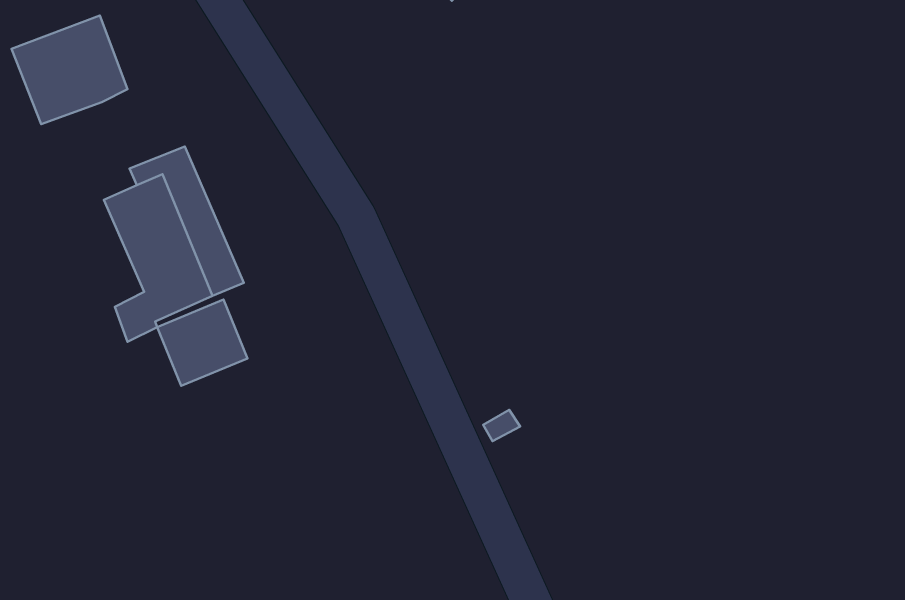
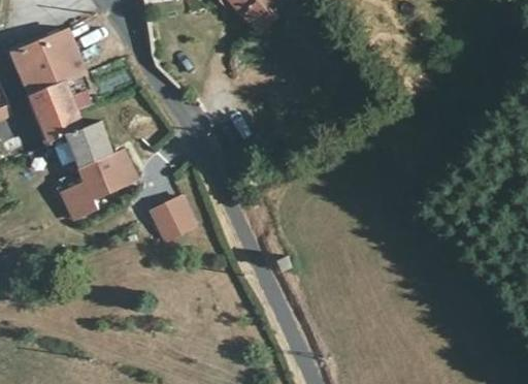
building: none -> [31,89,85,151]
building: [157,299,247,386] -> [143,191,194,239]

